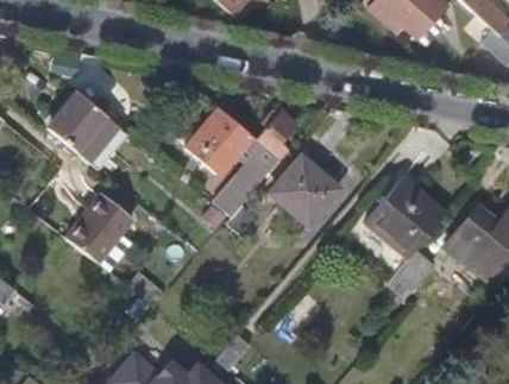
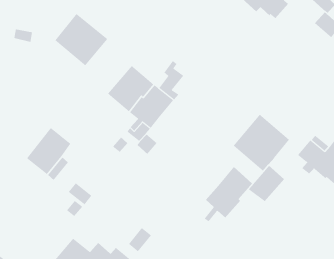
building: [48,92,124,166] -> [55,13,108,66]
building: [268,157,337,225] -> none
building: none -> [204,166,253,222]

